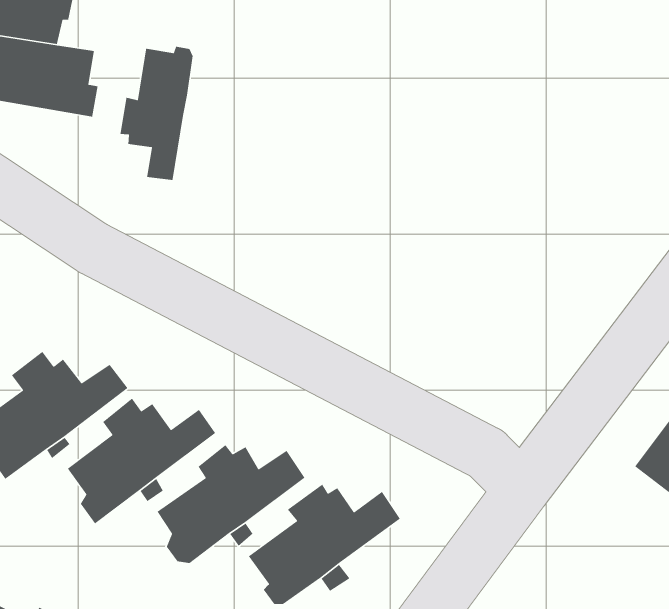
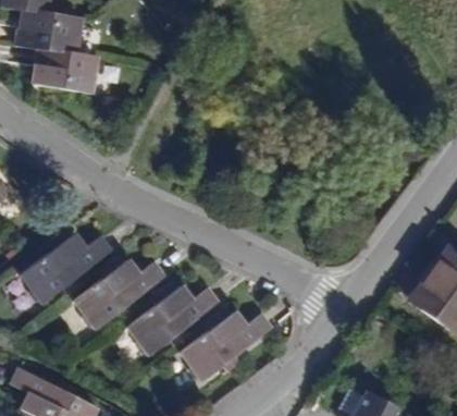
building: [119,46,194,181] -> none

